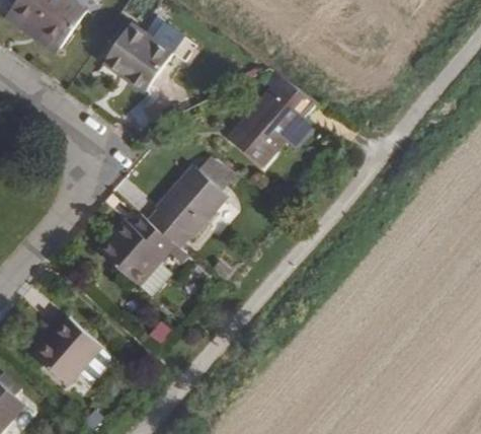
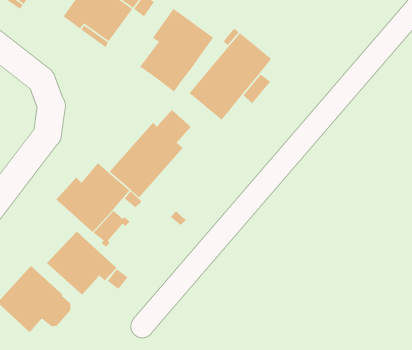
building: none -> [139,8,214,92]
building: none -> [46,231,117,295]

